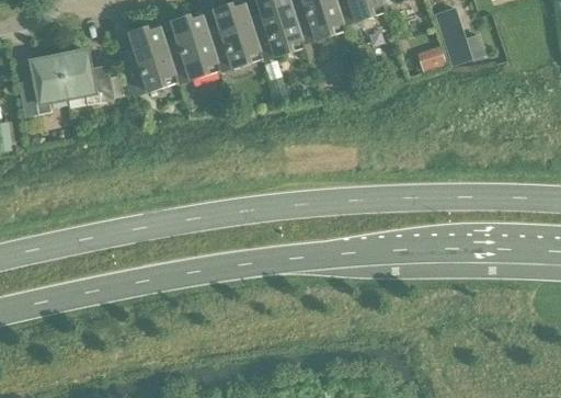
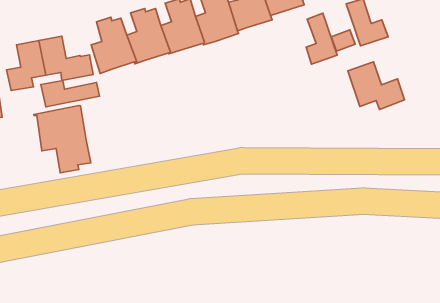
building: none -> [306,13,337,64]
building: none -> [348,62,404,110]
building: none -> [41,80,100,107]
building: none -> [34,105,91,173]

